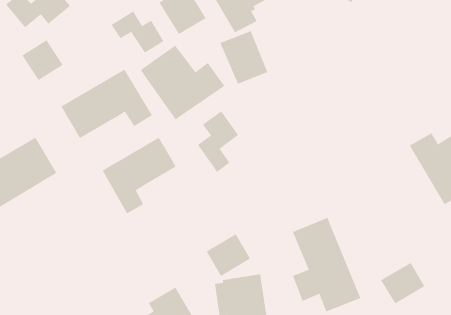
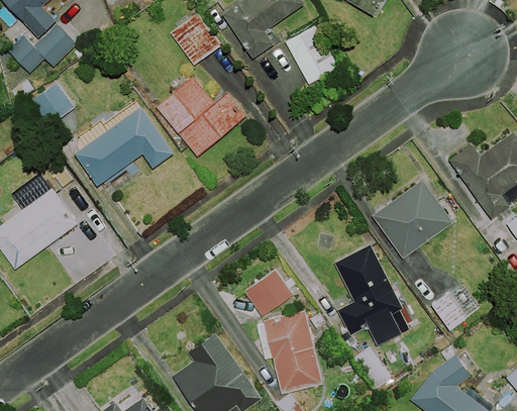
building: [111,11,164,53] -> none
building: [220,31,268,85] -> [283,26,337,85]
building: [197,111,239,173] -> none
building: [102,137,176,214] -> none
building: none -> [372,180,452,259]

